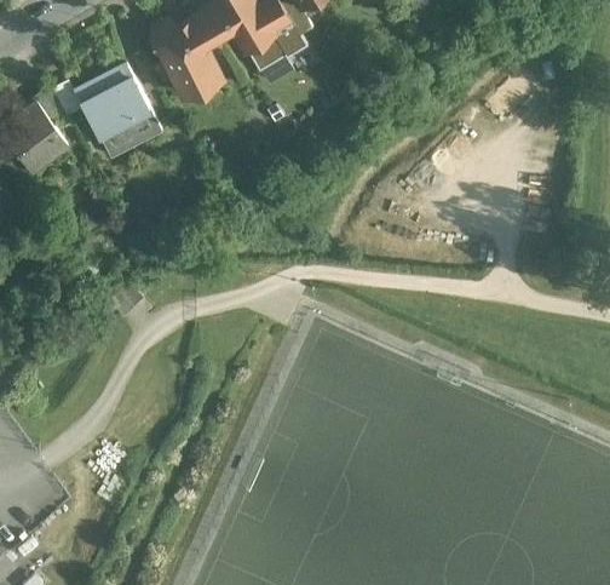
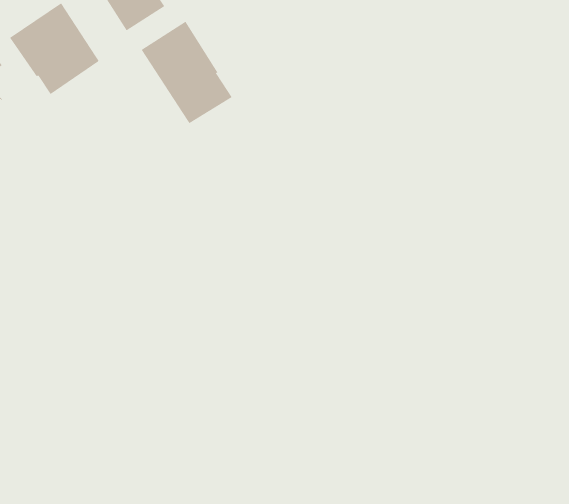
building: none -> [141,21,232,128]

